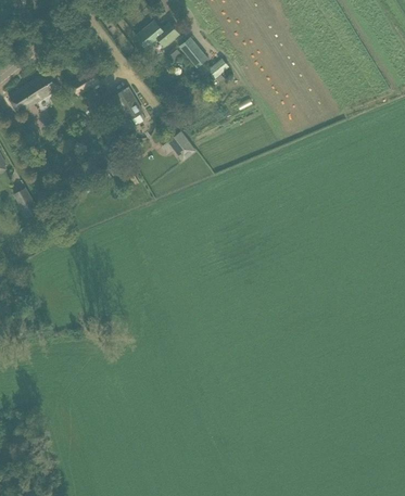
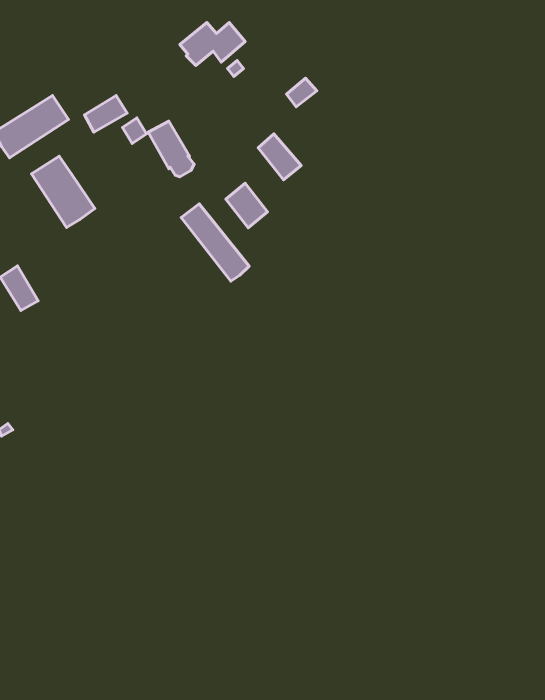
building: [178,36,207,67] -> [258,134,301,180]
building: none -> [32,156,95,227]
building: none -> [181,204,249,281]

